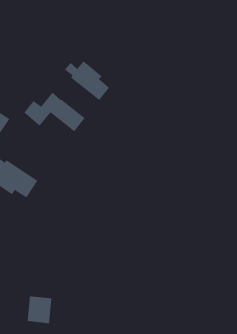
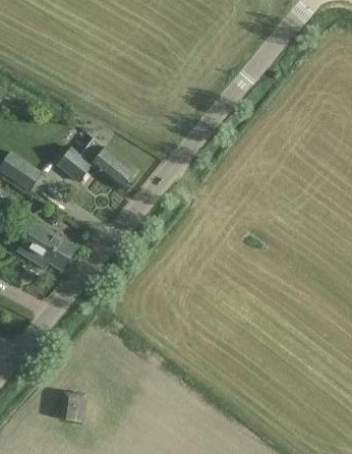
building: [64,61,110,101] -> none

